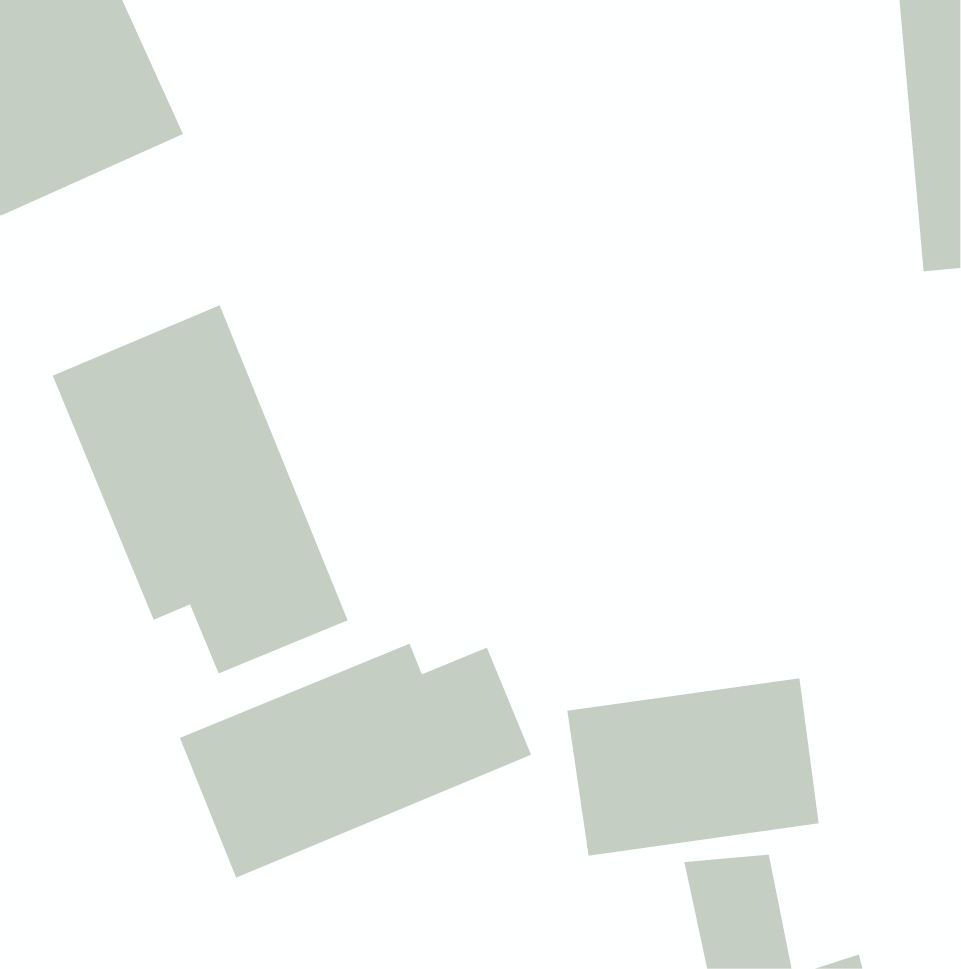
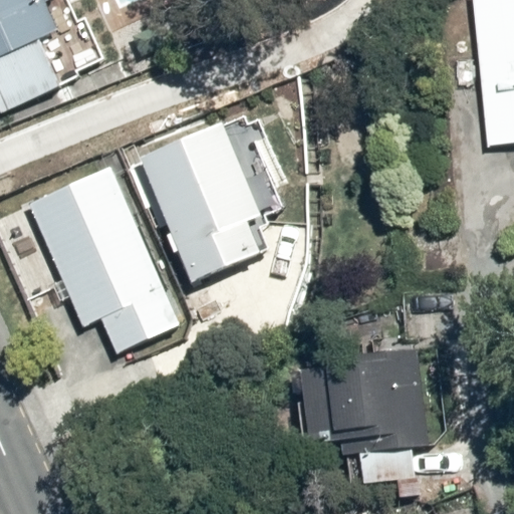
building: none -> [117,120,265,280]
building: [179,643,532,879] -> none

